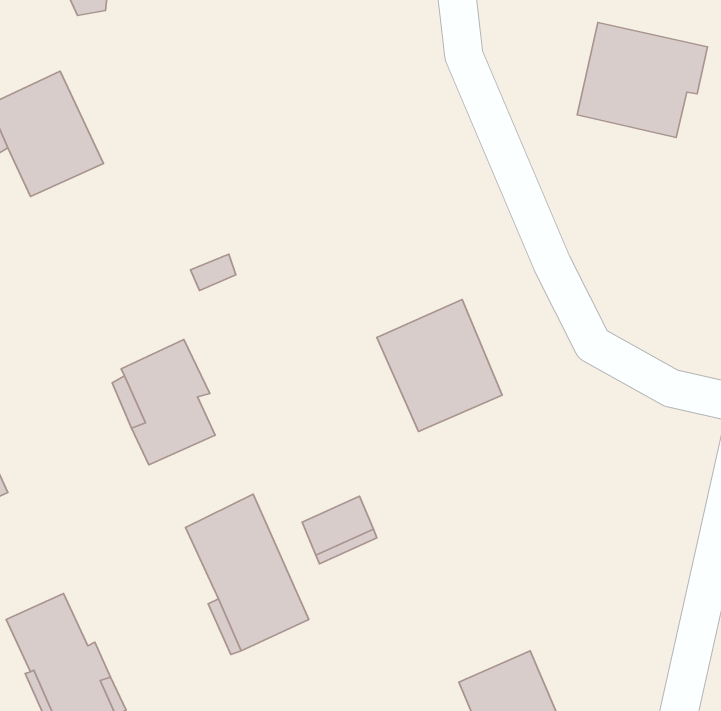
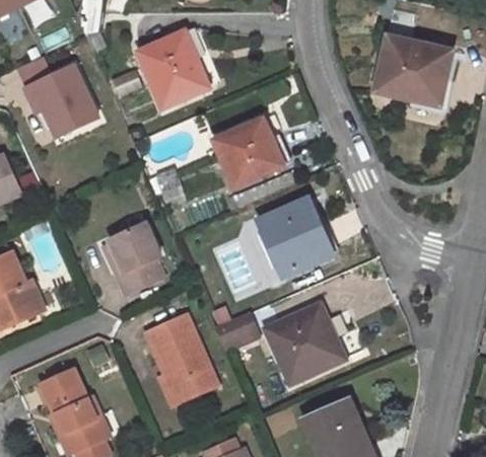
building: none -> [137,32,207,106]
building: none -> [214,119,281,185]
building: none -> [264,303,344,383]

